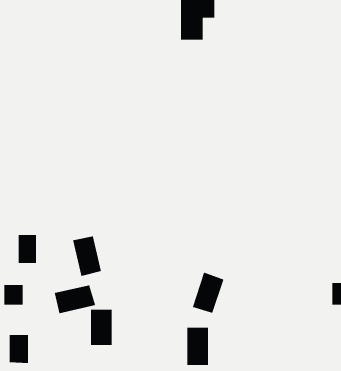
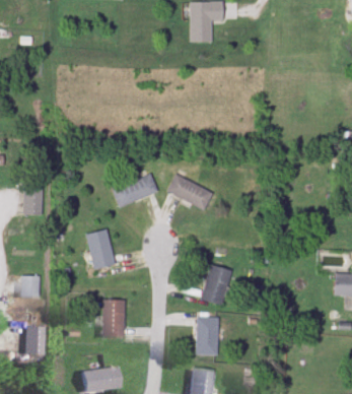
building: none -> [113,175,157,207]
building: none -> [167,175,213,209]
building: [18,234,37,264] -> [23,186,42,214]
building: [54,284,96,314] -> none

